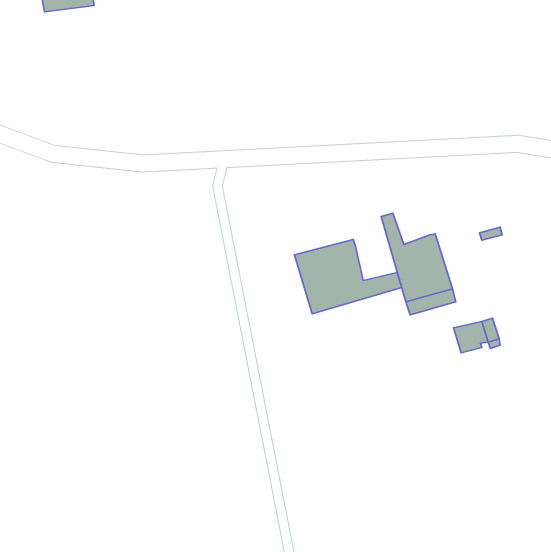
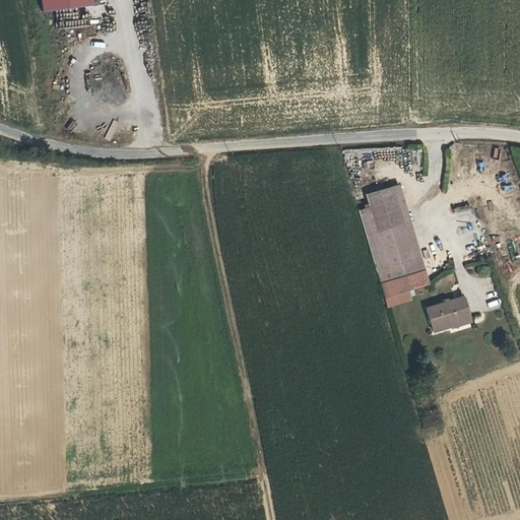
building: none -> [367,182,405,230]
building: [295,239,402,314] -> none

